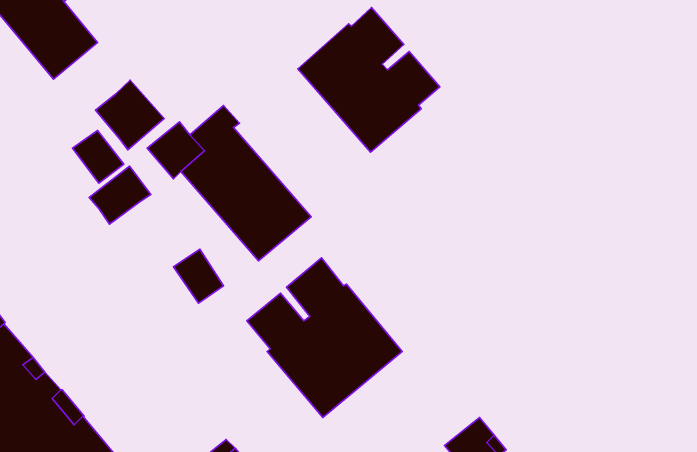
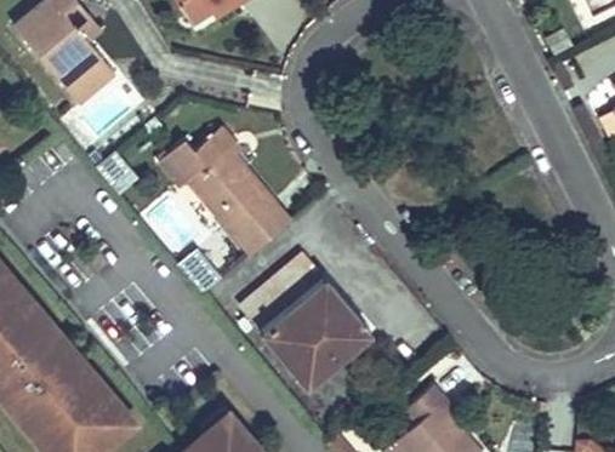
building: [298,7,440,152] -> none
building: [96,80,164,150] -> none
building: [89,166,151,224] -> none

